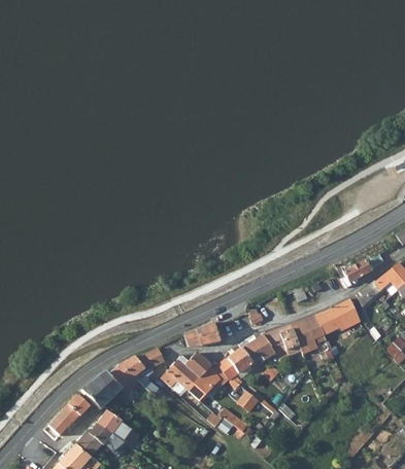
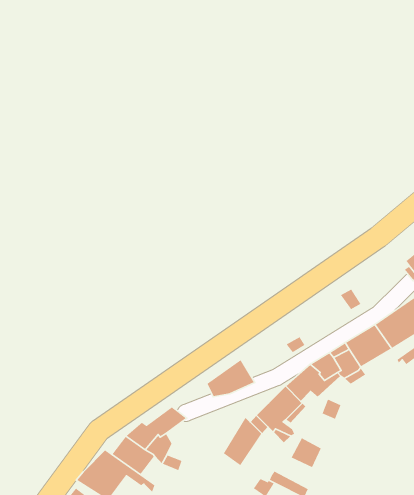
building: [164,353,209,389] -> none

